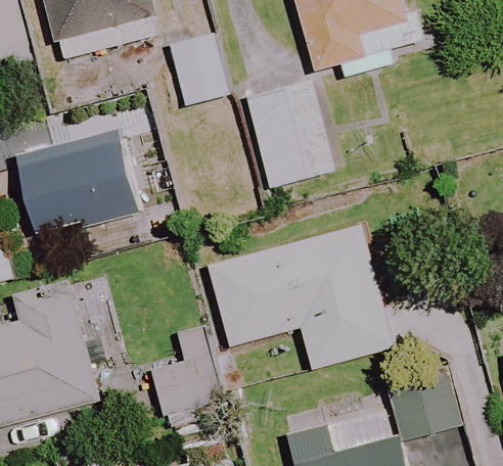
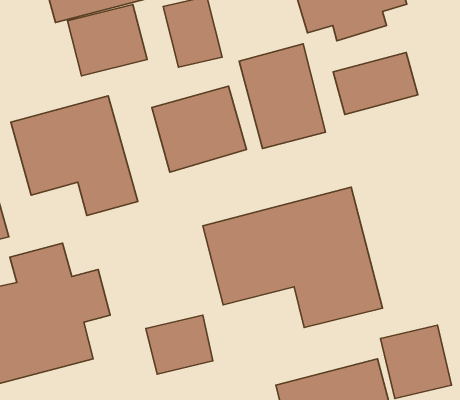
building: none -> [67,4,147,76]
building: none -> [333,52,418,114]
building: none -> [152,86,246,172]

